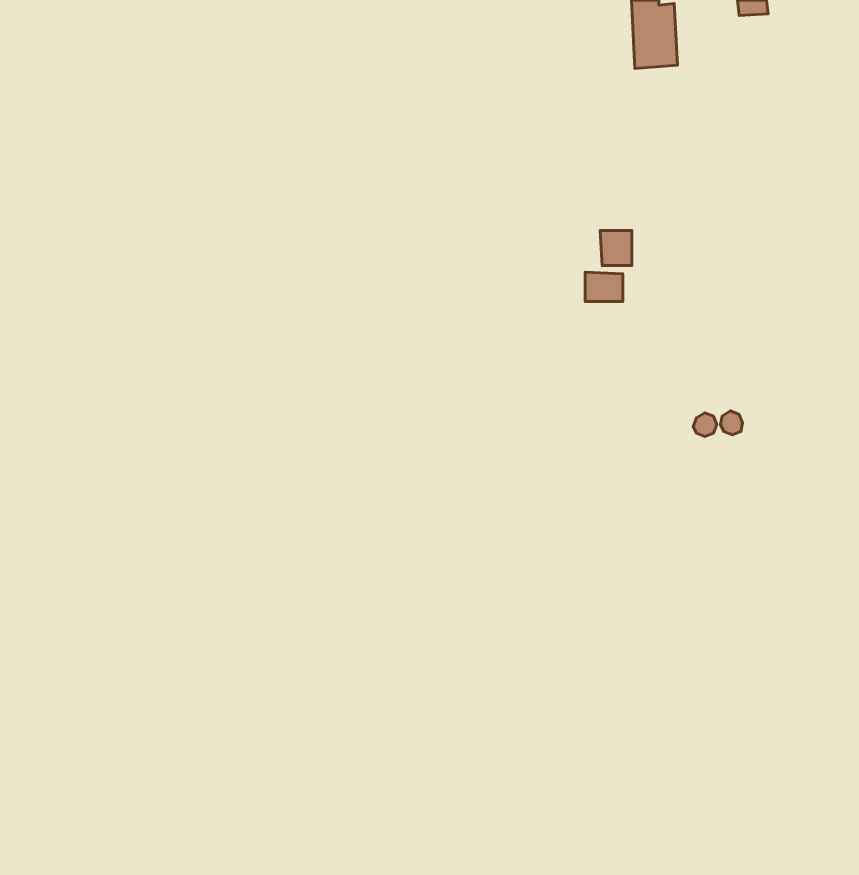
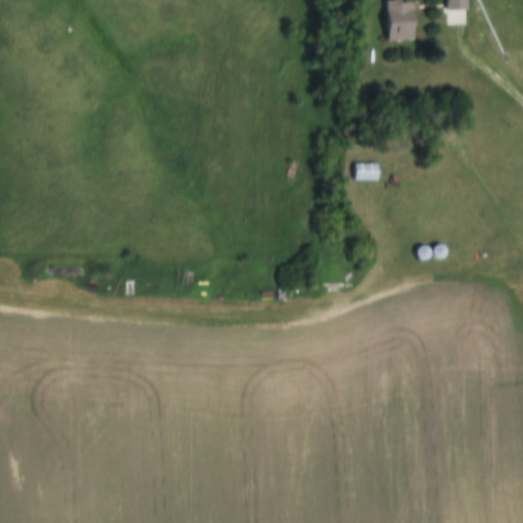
building: [600,231,632,265] -> none

